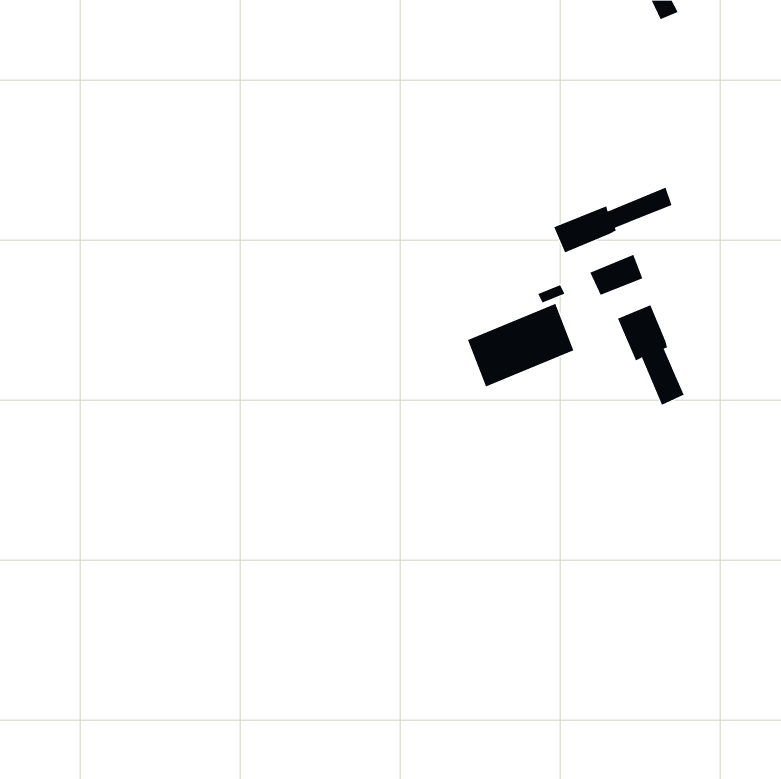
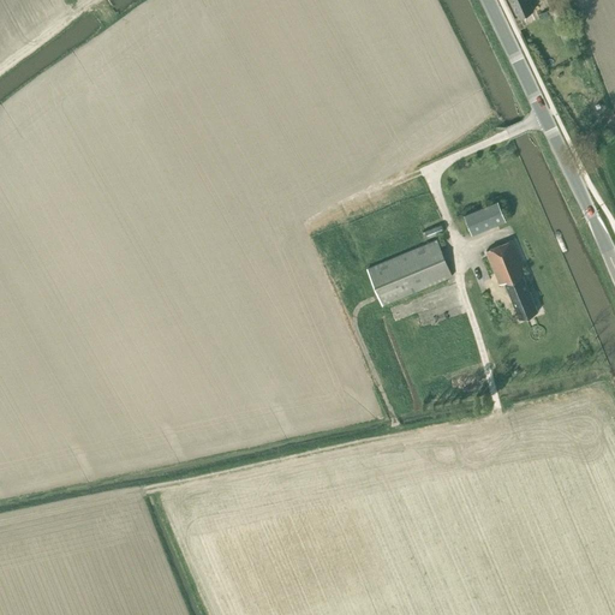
building: [554,187,672,253] -> none

